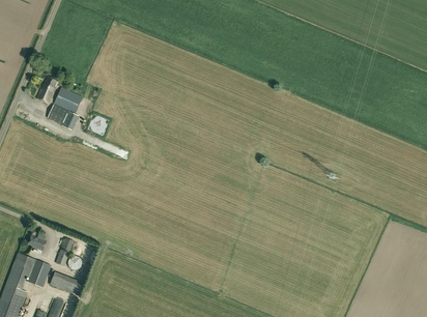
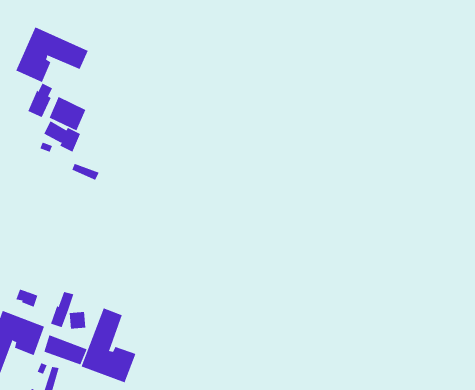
building: none -> [16,26,89,83]
building: none -> [81,307,136,383]

